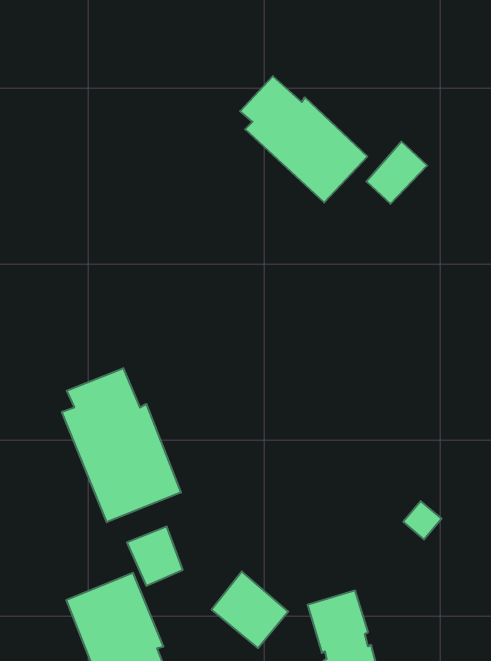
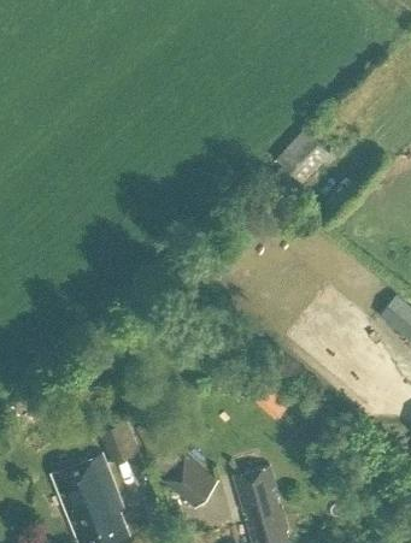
building: [240,76,367,203] -> none
building: [62,368,181,522] -> none

